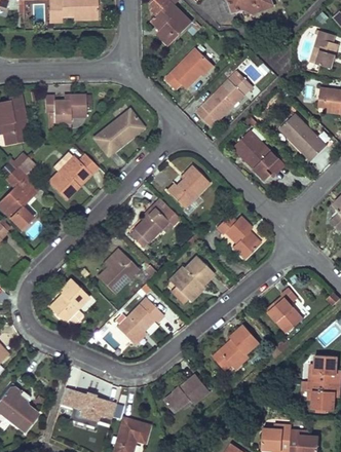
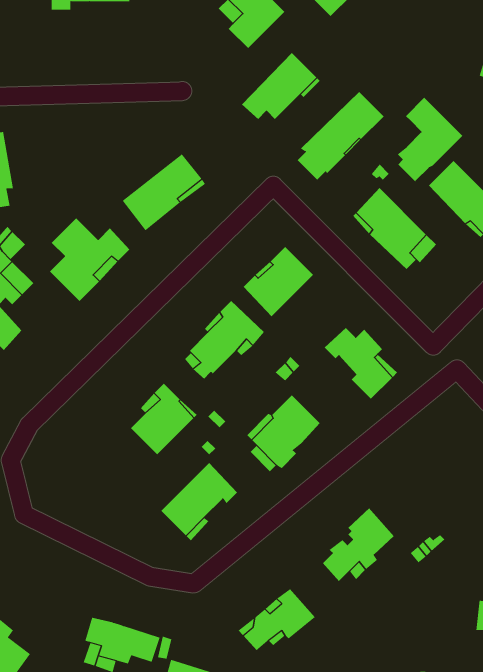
building: none -> [397,97,463,182]
building: [44,96,86,122] -> none
building: [48,278,88,323] -> none
building: [266,288,303,333] -> none

